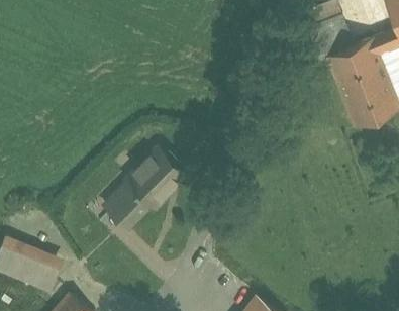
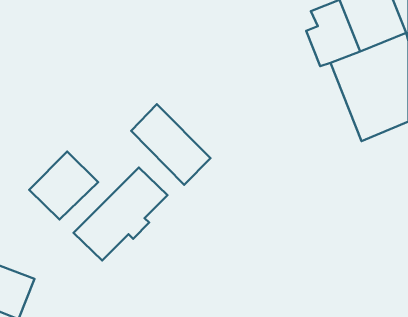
building: none -> [131,104,211,185]
building: none -> [29,151,98,220]

